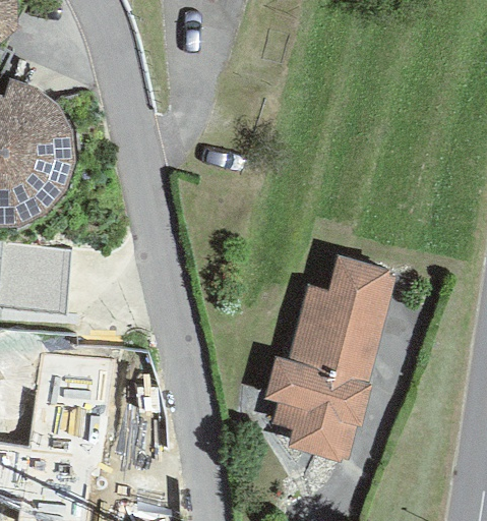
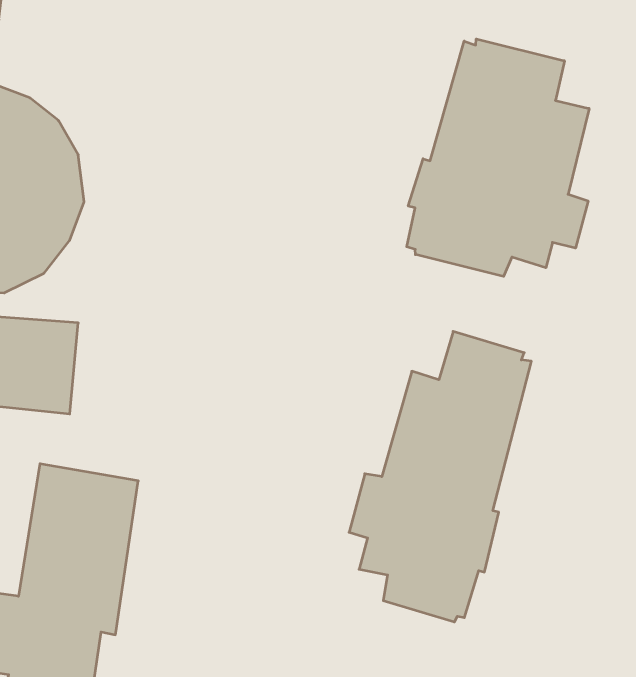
building: none -> [407,39,589,276]

